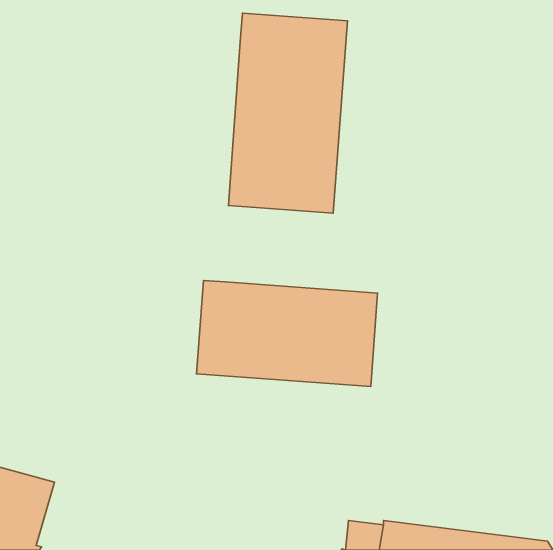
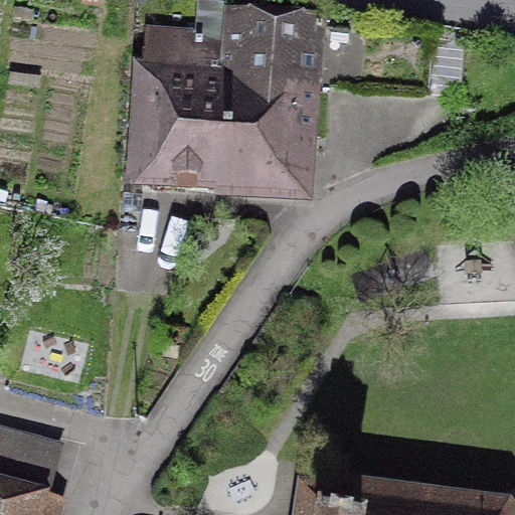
building: none -> [127,28,221,189]
building: [197,281,378,386] -> none

